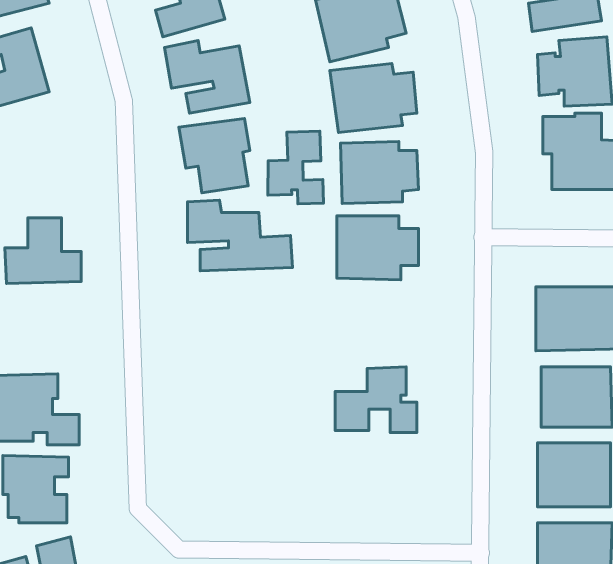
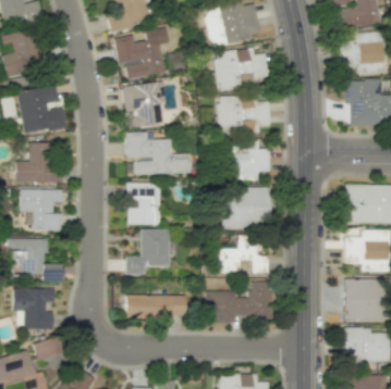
building: none -> [17,84,66,133]
building: [268,131,323,204] -> none
building: none -> [125,183,160,225]
building: none -> [222,187,271,230]
building: none -> [22,189,63,230]
building: none -> [126,230,170,275]
building: none -> [206,281,277,322]
building: none -> [127,296,186,318]

